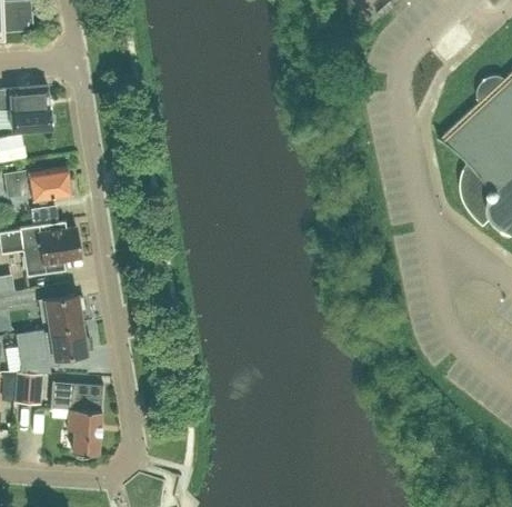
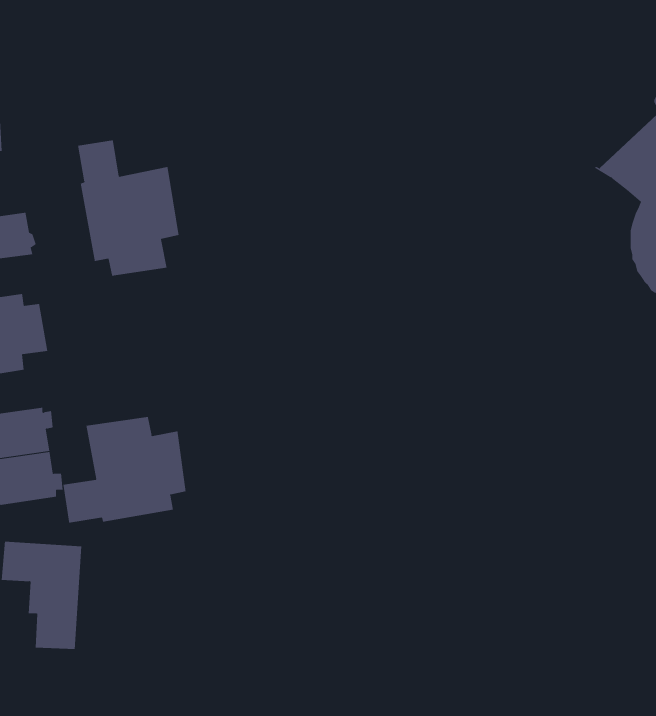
building: none -> [78,139,179,276]
building: none -> [63,416,186,523]

